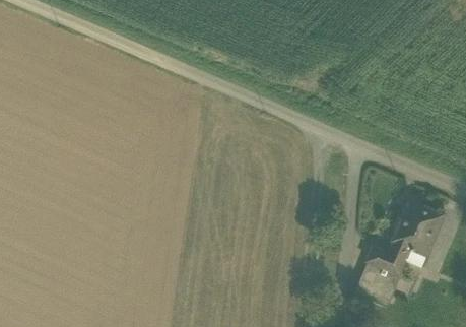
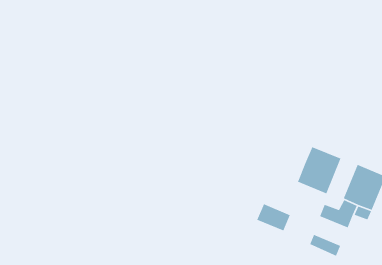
building: none -> [297,146,341,194]
building: [361,257,401,289] -> [256,203,291,232]

